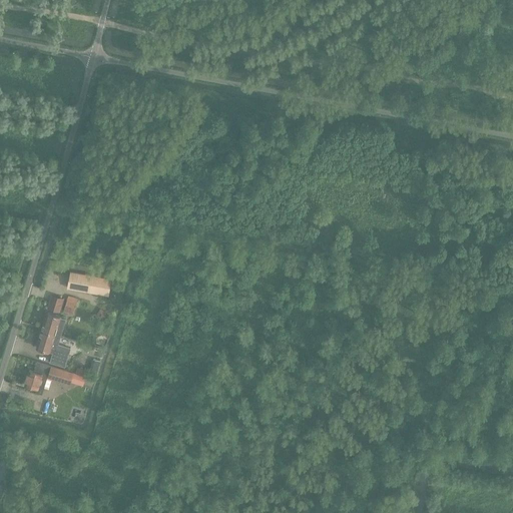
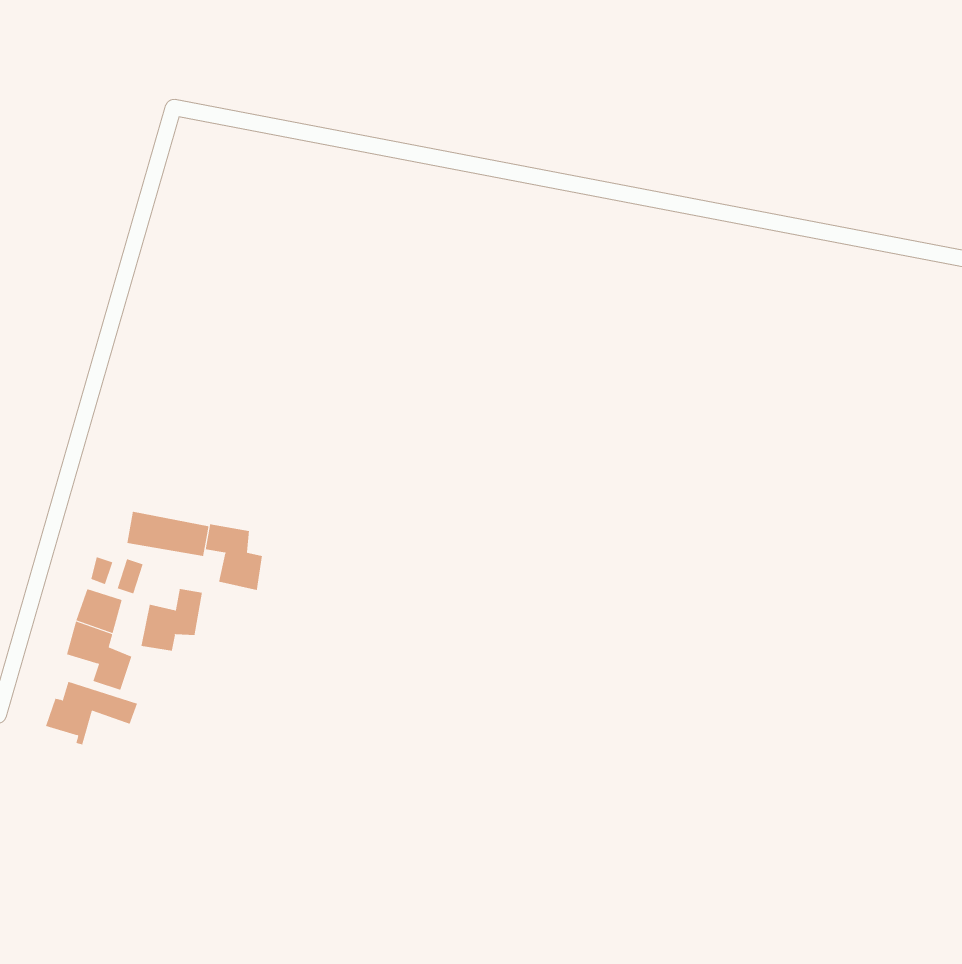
building: none -> [205,523,263,591]
building: none -> [141,588,203,651]

